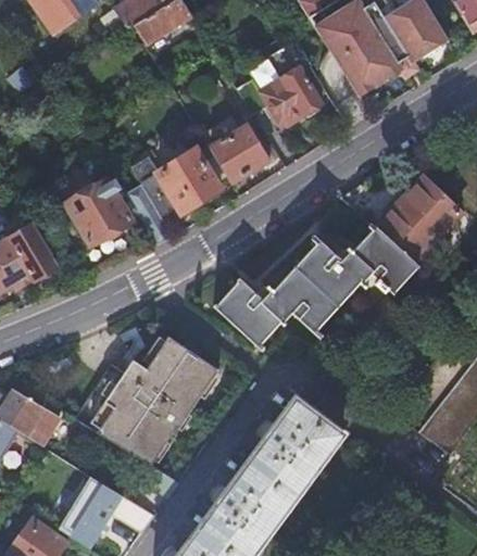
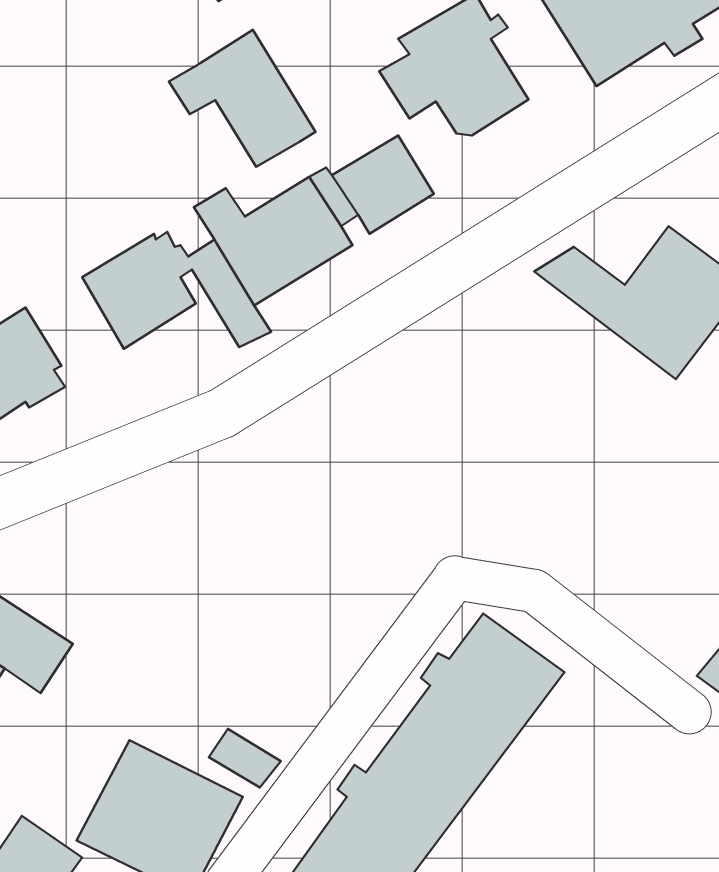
building: none -> [169,30,316,167]
building: [214,230,407,348] -> none
building: [73,339,222,463] -> none

